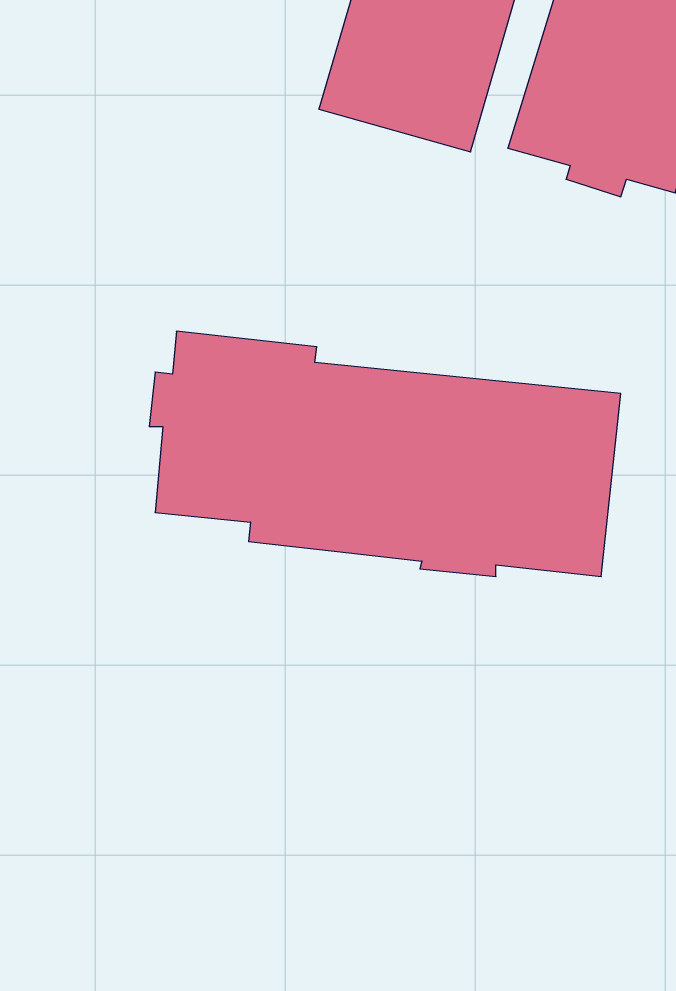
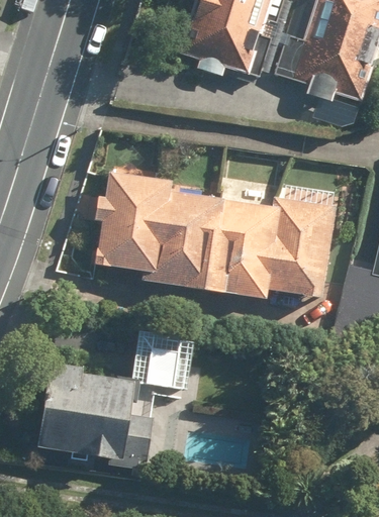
building: none -> [41,328,195,477]

